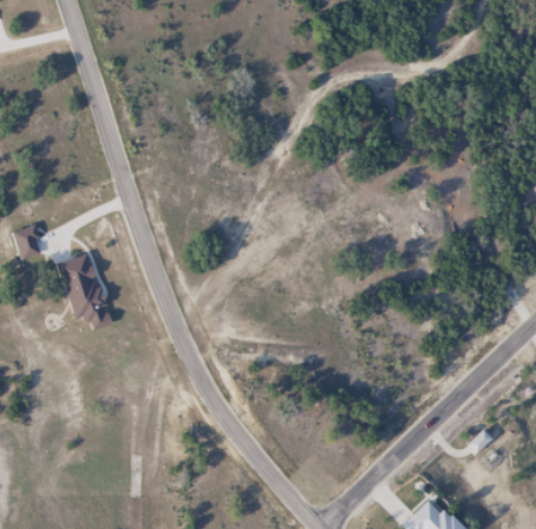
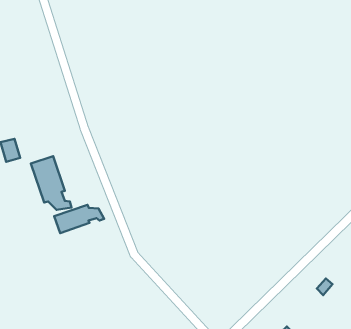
building: none -> [54,205,104,233]

